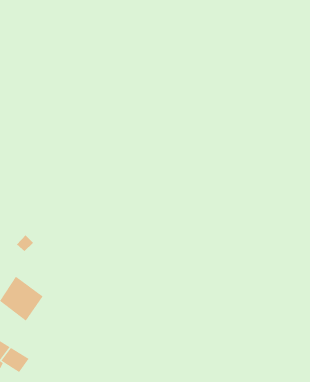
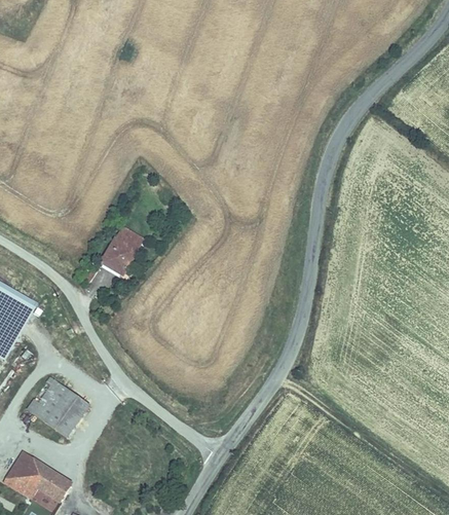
building: none -> [102,226,142,271]

